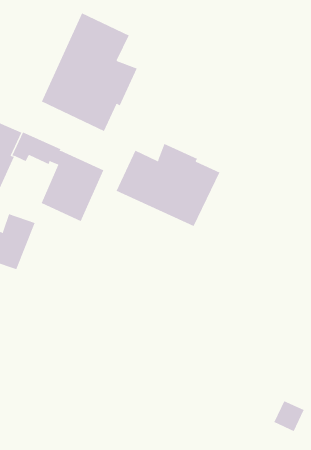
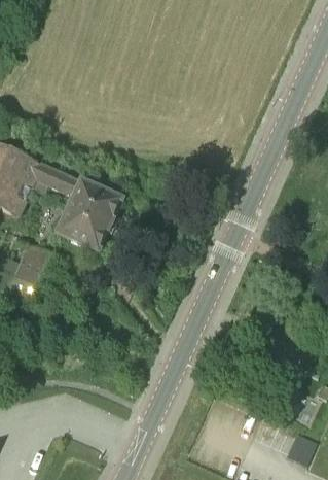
building: [41,13,137,132] -> none
building: [116,143,220,227] -> none

